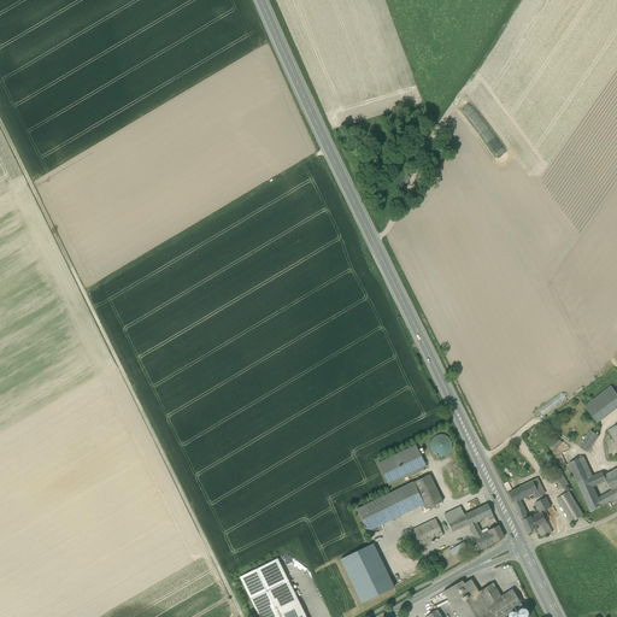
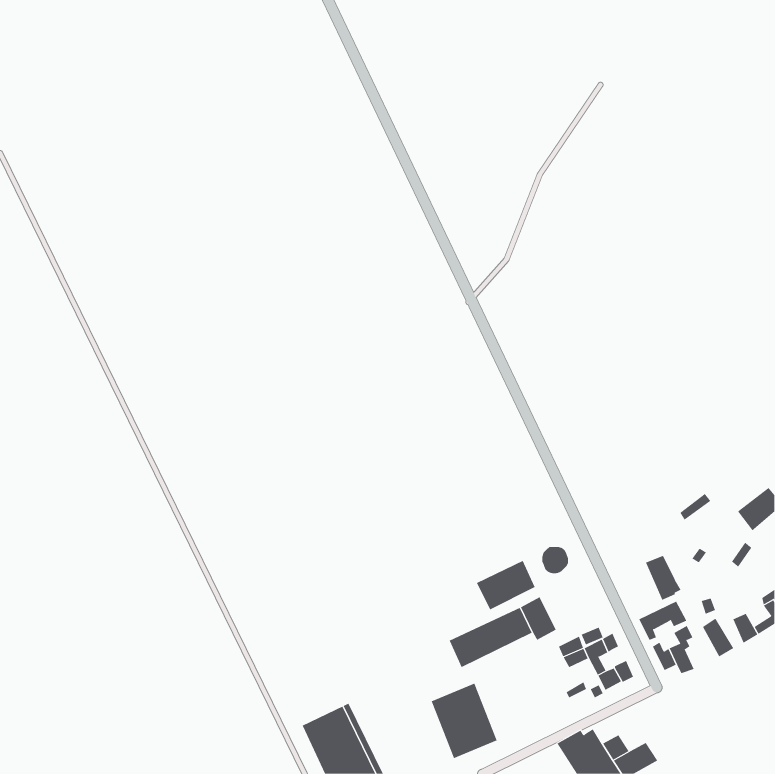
building: [569,456,598,492] -> [645,555,682,601]
building: [411,517,443,546] -> none

